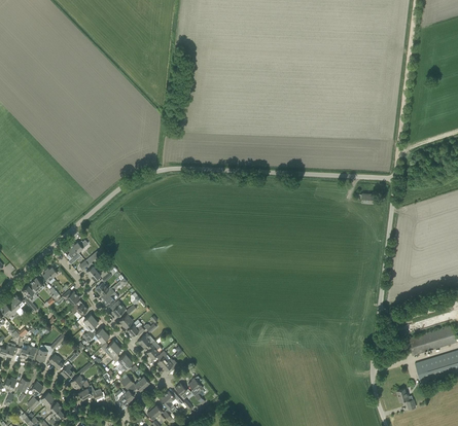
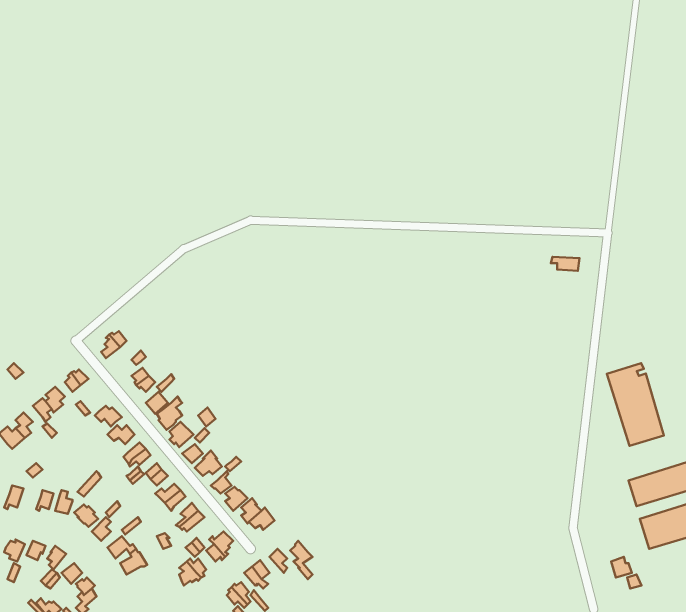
building: none -> [607,363,664,446]

